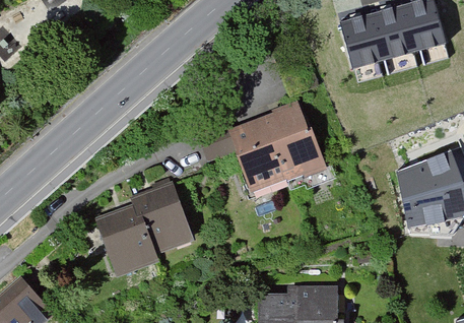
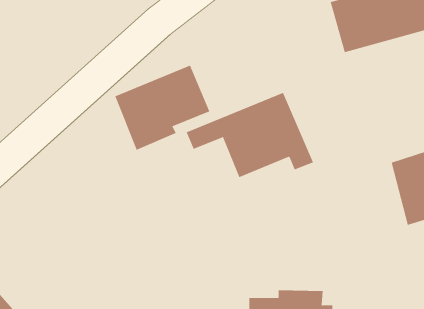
building: [100,190,189,270] -> [115,65,210,151]

